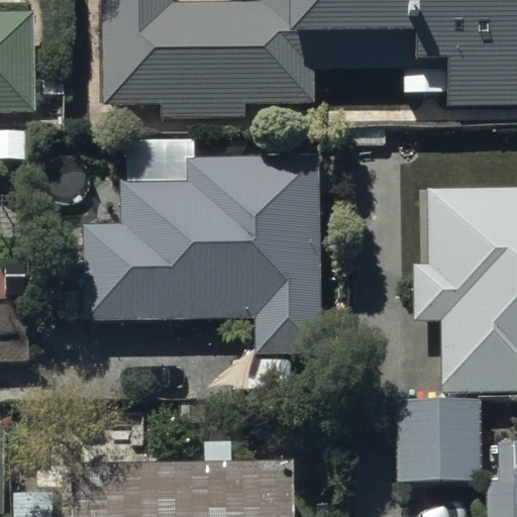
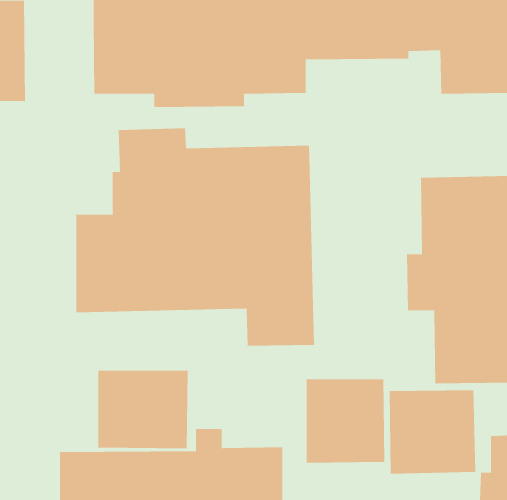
building: none -> [98,370,188,449]
building: none -> [306,379,385,463]

